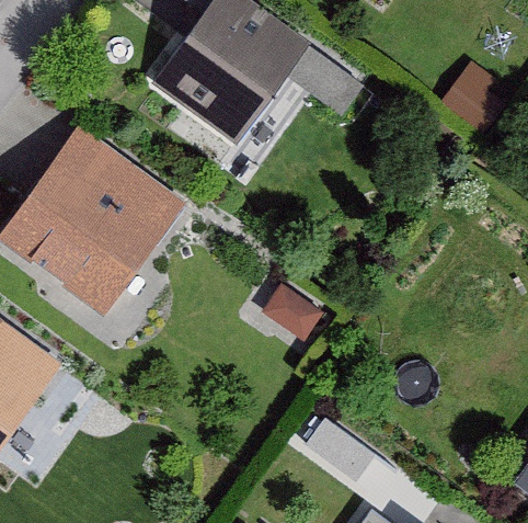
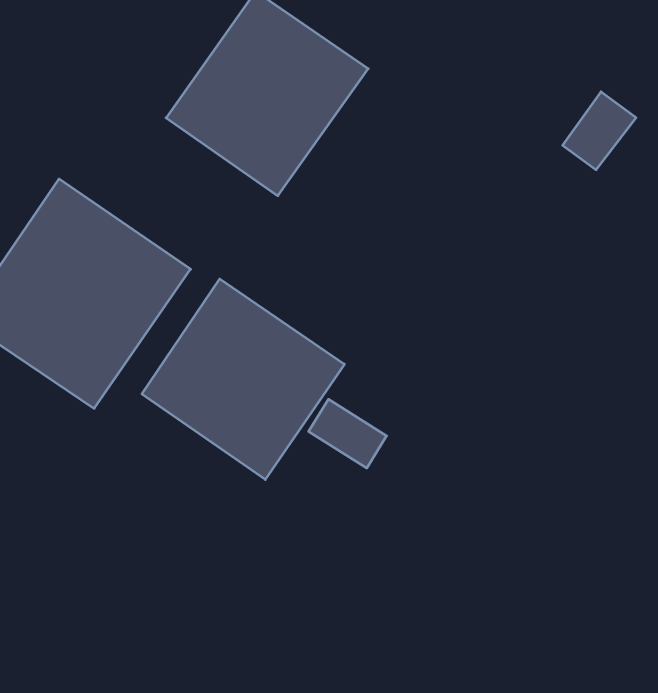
building: none -> [142,279,344,480]

